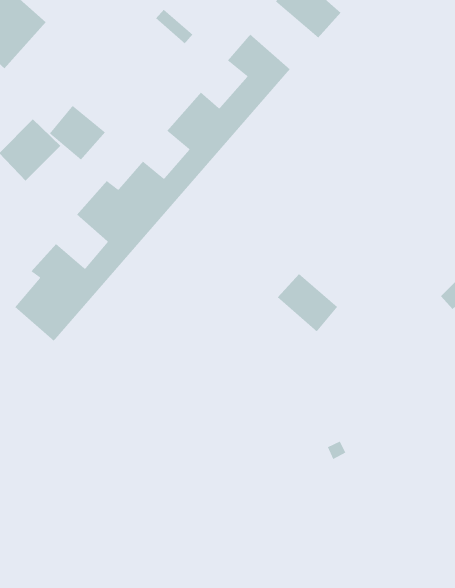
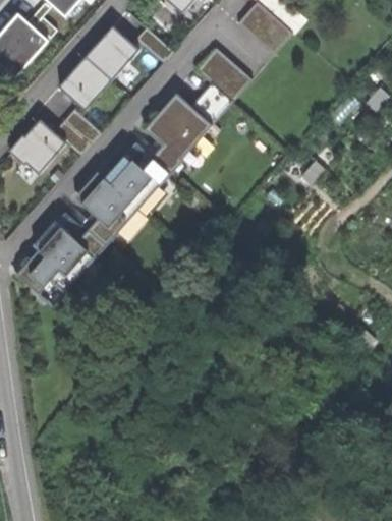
building: none -> [59,25,135,104]
building: [277,273,338,332] -> none

